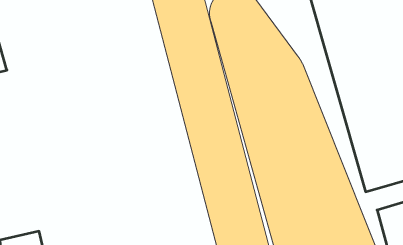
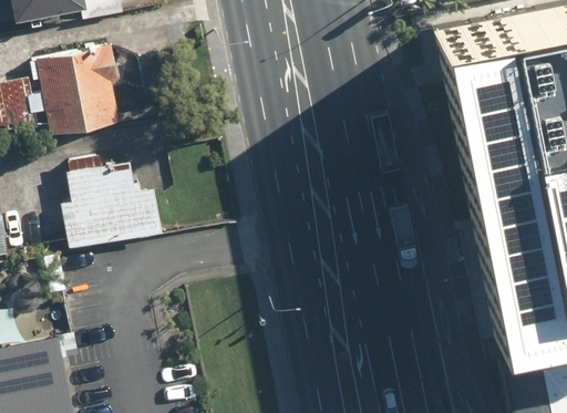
building: none -> [37,45,120,134]
building: none -> [61,165,161,248]

